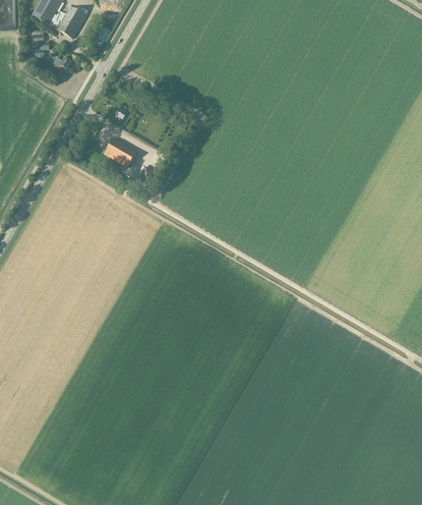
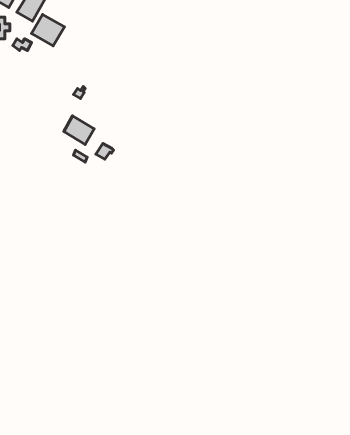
building: none -> [31,14,64,46]

